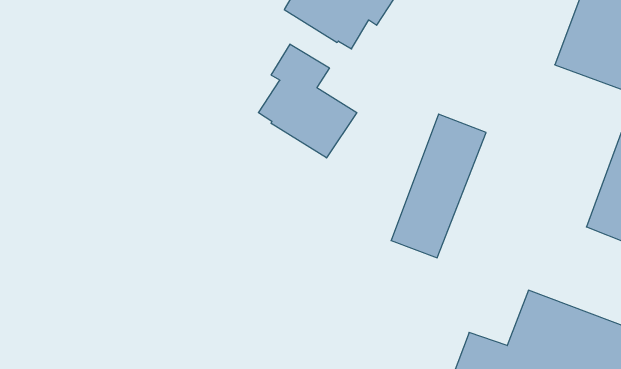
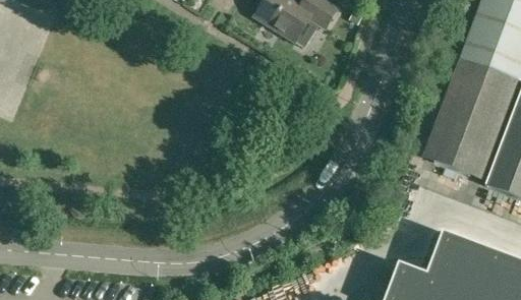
building: [258,44,357,158] -> none
building: [391,114,486,258] -> [433,63,507,174]

